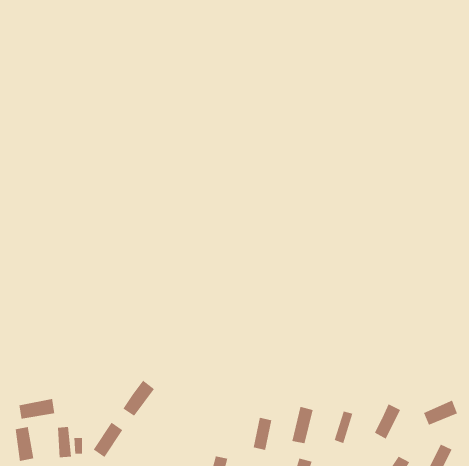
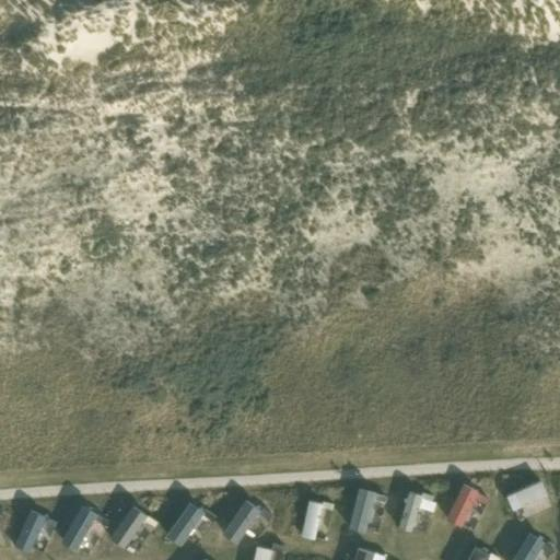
building: [123,380,155,417] -> [167,502,206,546]
building: [19,398,55,420] -> none
building: none -> [224,500,260,544]

